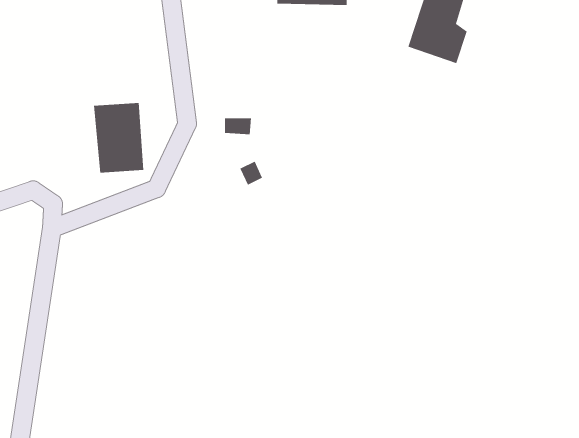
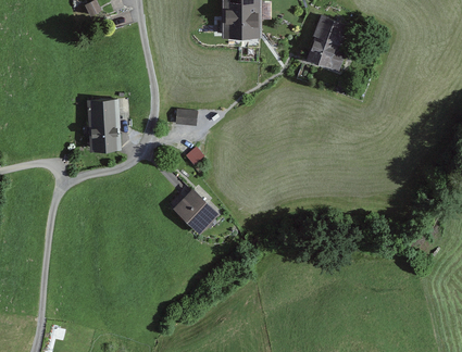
building: none -> [176,188,221,231]

